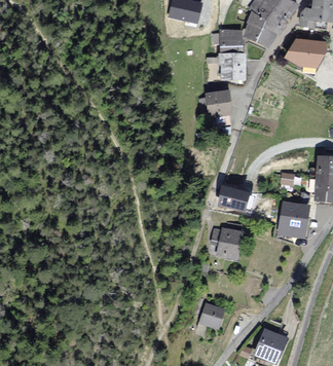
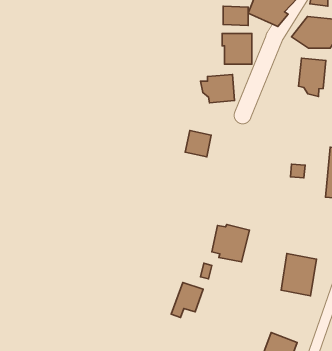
building: none -> [298,58,326,96]
building: [218,185,242,209] -> [185,131,211,157]
building: [278,199,309,237] -> [281,254,316,296]
building: [196,302,225,334] -> [171,282,203,318]

